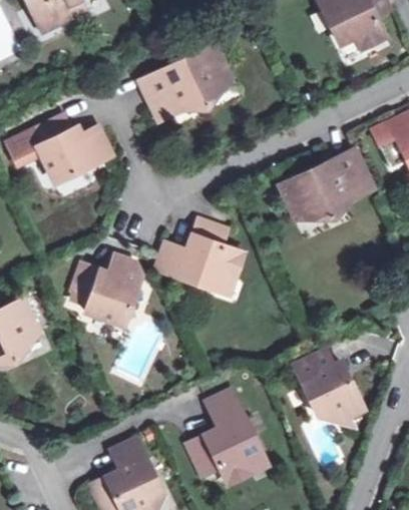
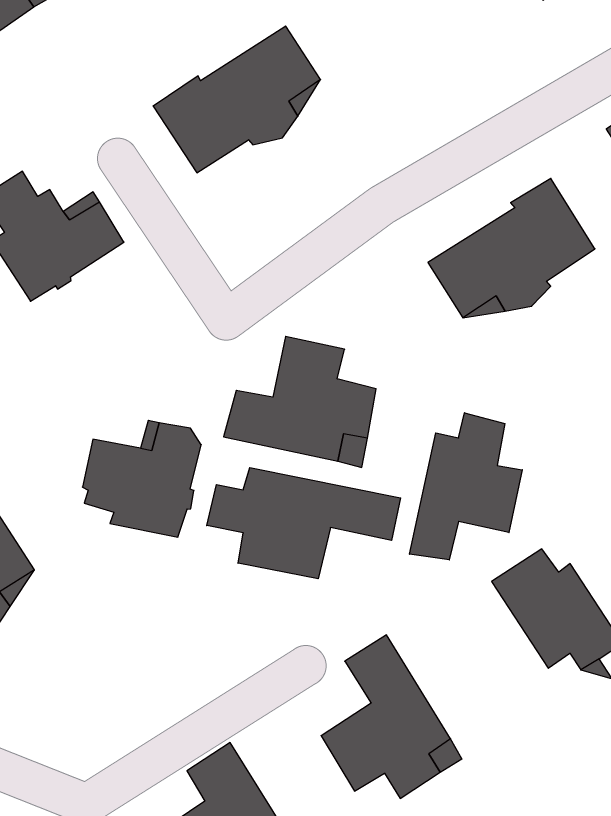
building: none -> [410,413,522,560]
building: none -> [207,468,401,579]

